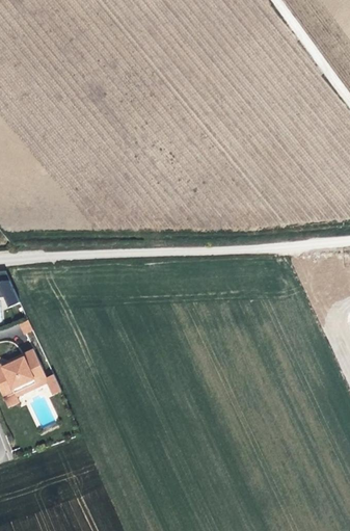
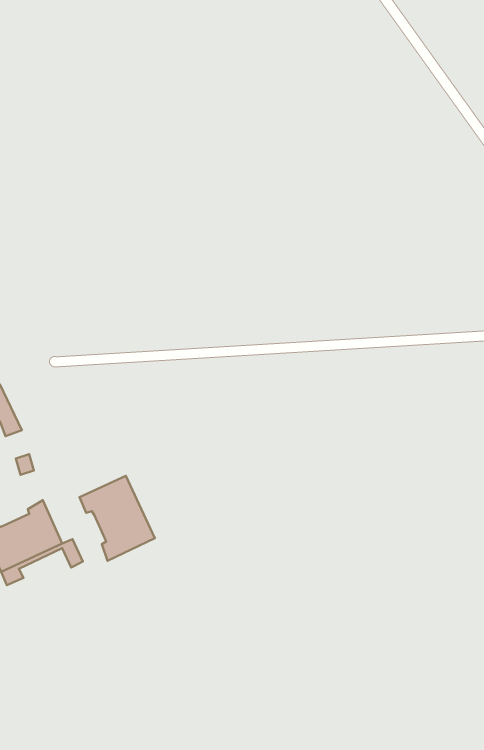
building: none -> [80,476,155,561]

